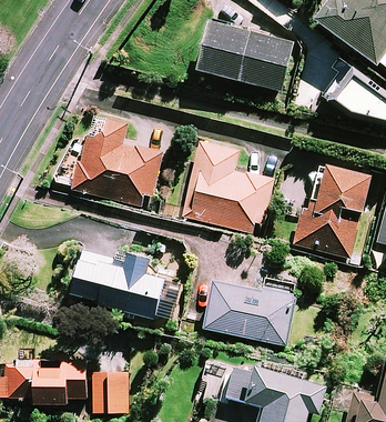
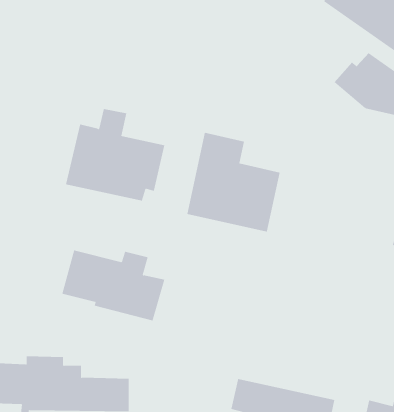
building: [196,22,293,91] -> none
building: [294,164,370,258] -> none
building: [204,279,298,345] -> none

